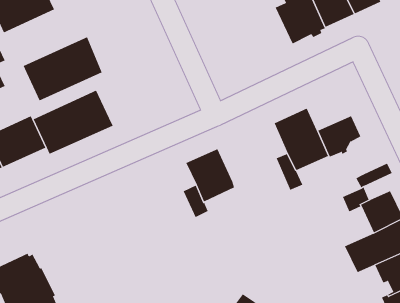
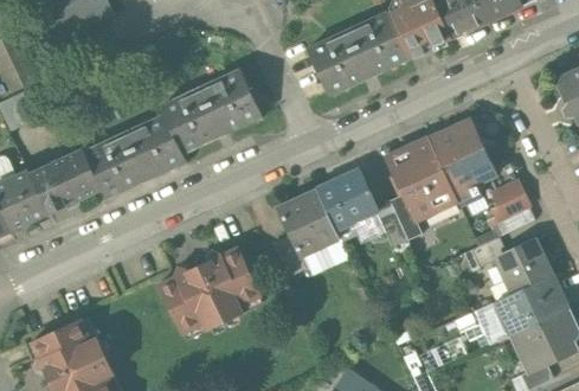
building: none -> [308,13,408,95]
building: [23,37,103,101] -> [161,71,260,152]
building: none -> [427,118,483,167]
building: none -> [316,169,378,231]
building: none -> [491,181,528,222]
building: none -> [157,248,260,335]

